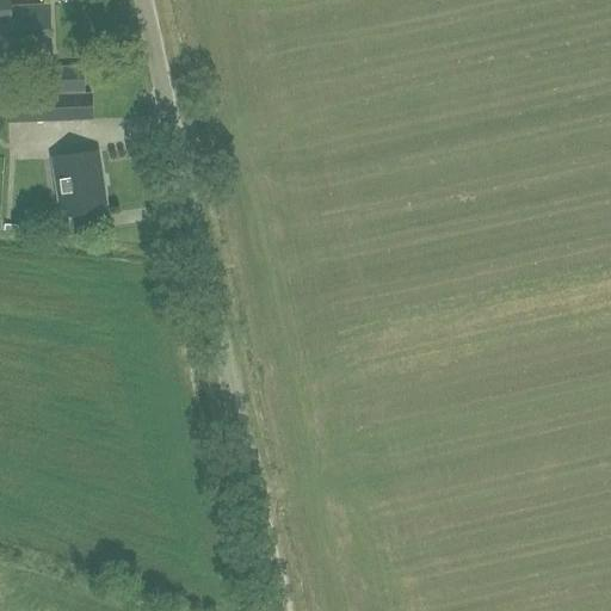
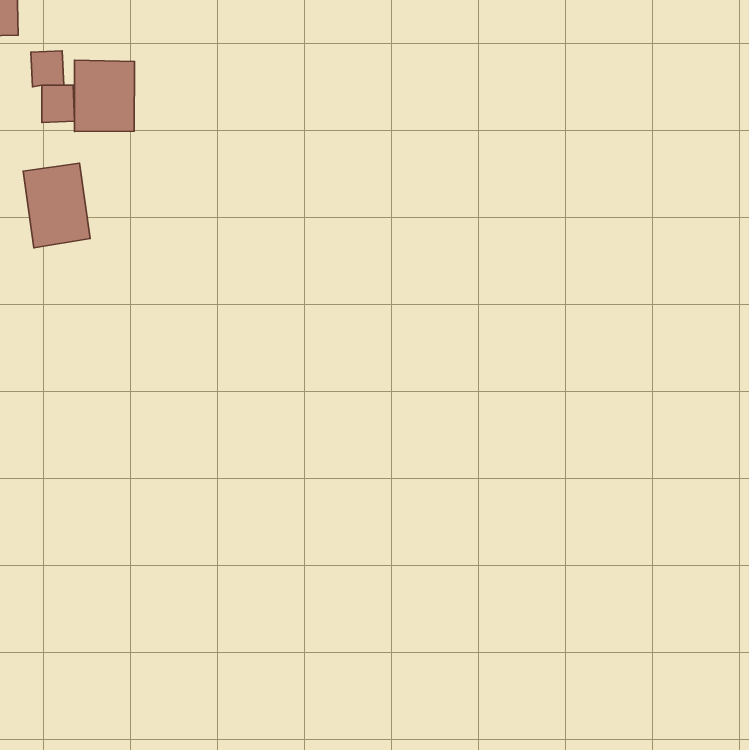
building: none -> [75,60,134,132]

